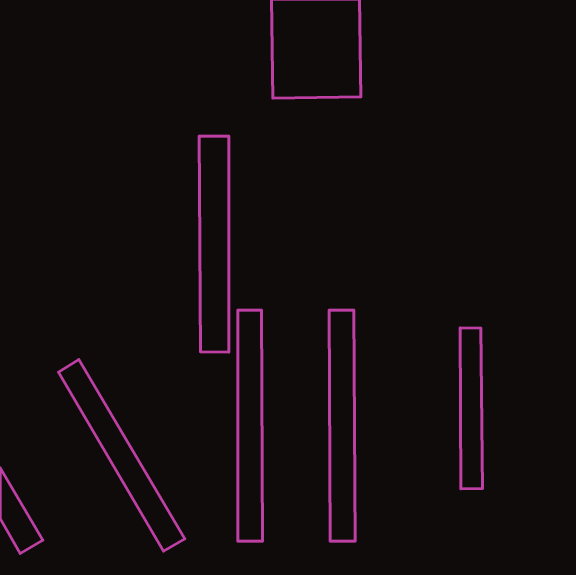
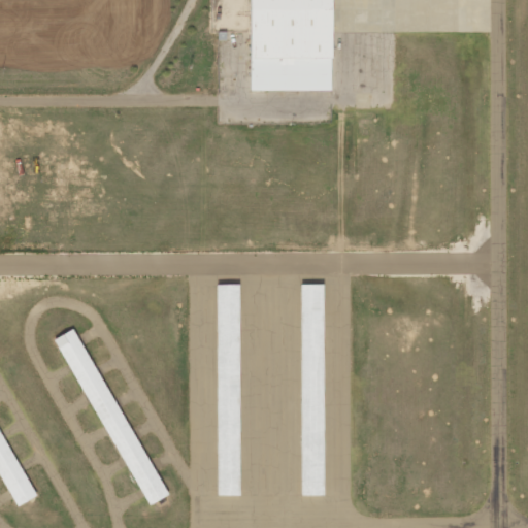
building: [199,136,229,352] -> none
building: [460,328,482,489] -> none

